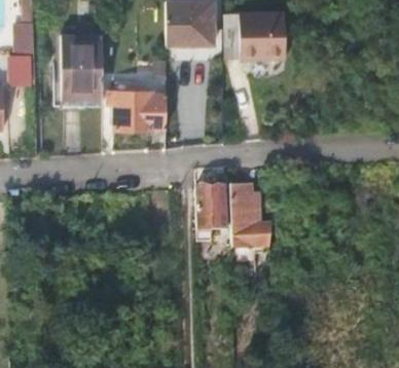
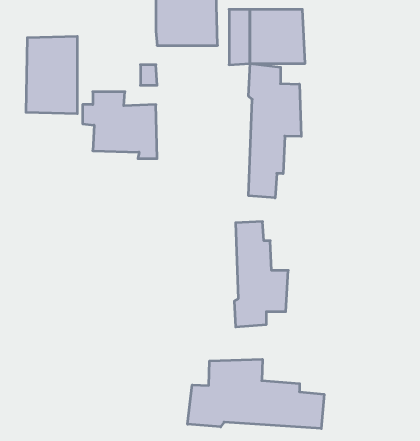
building: none -> [249,63,301,198]
building: [194,187,227,241] -> none
building: none -> [188,359,324,429]

